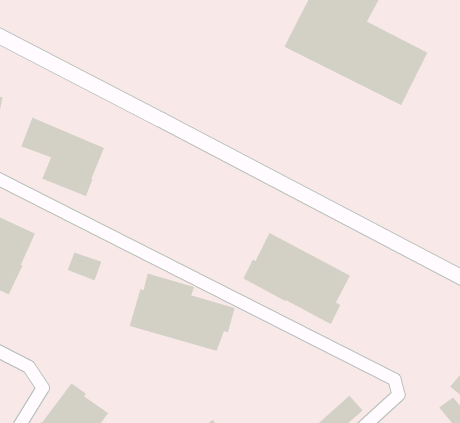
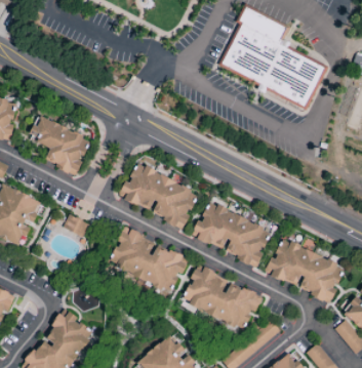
building: none -> [118,163,198,229]
building: none -> [264,239,344,302]
building: none -> [182,269,262,327]

